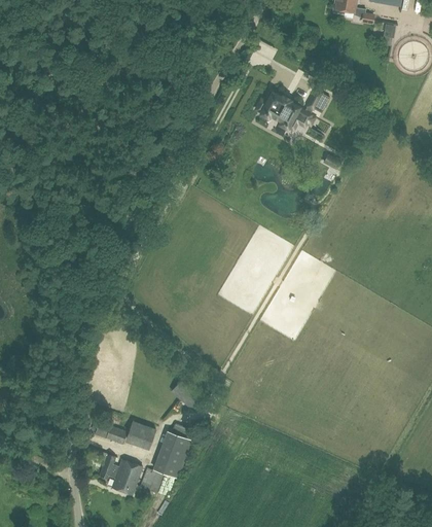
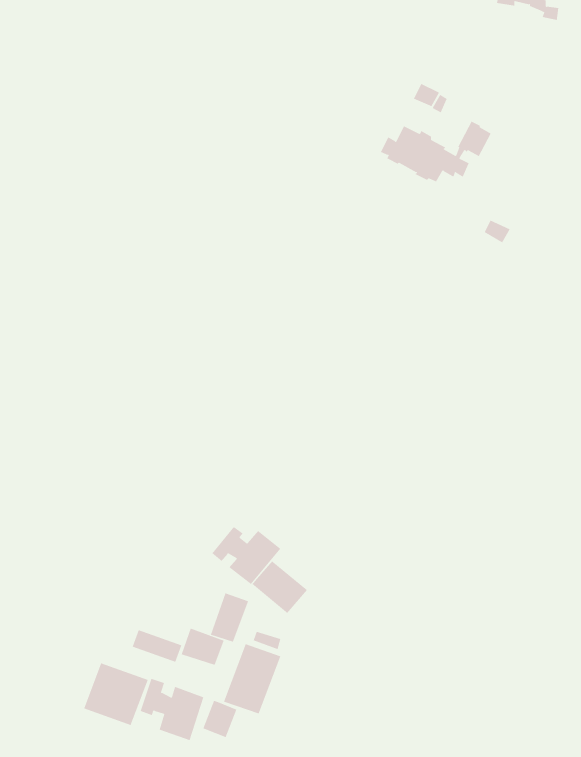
building: none -> [211,526,281,585]
building: none -> [210,592,249,643]
building: none -> [83,663,148,726]

